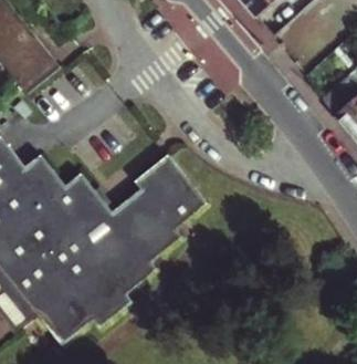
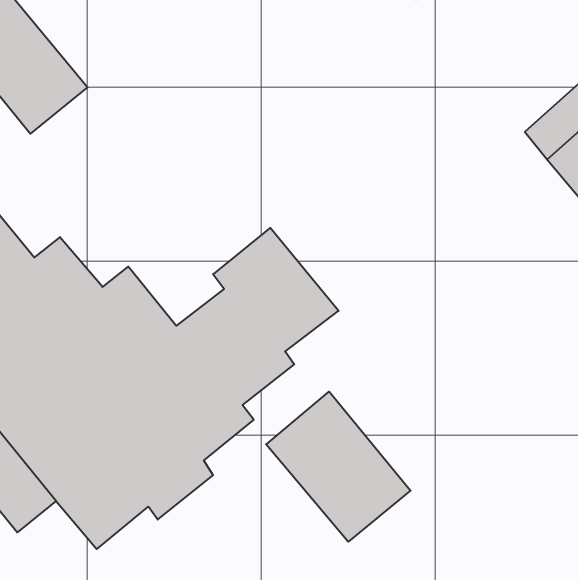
building: none -> [266,392,411,542]

